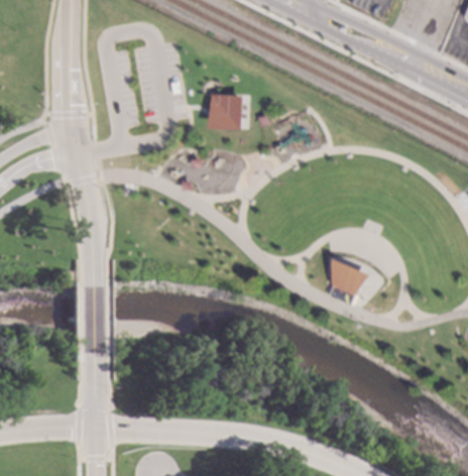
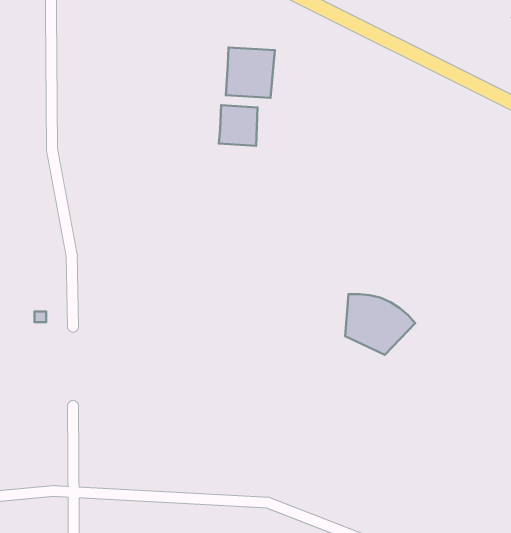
building: none -> [226,47,275,98]

